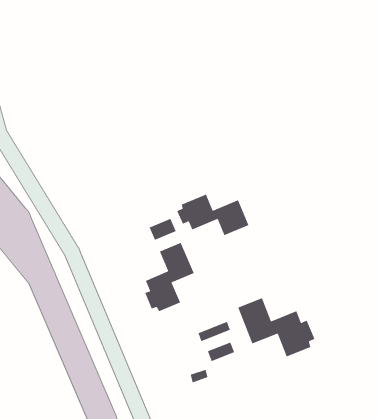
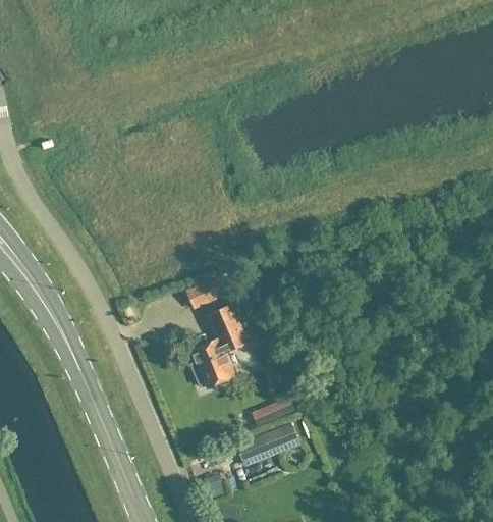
building: [176,193,249,236] -> none
building: [237,297,315,358] -> none

